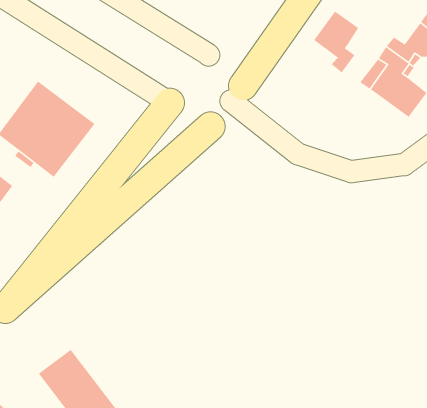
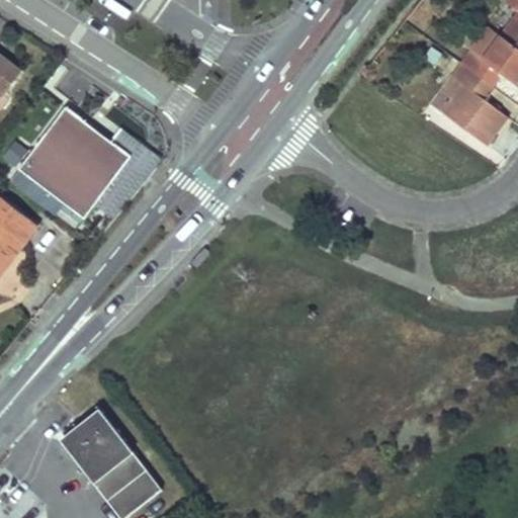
building: [313,10,359,73] -> none

